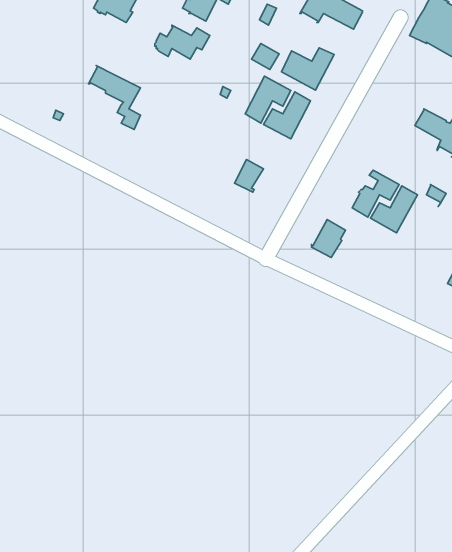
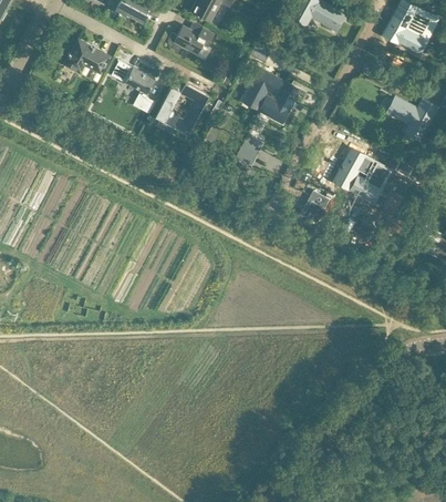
building: none -> [65,40,111,74]
building: [281,48,334,90] -> none
building: none -> [155,83,209,135]

